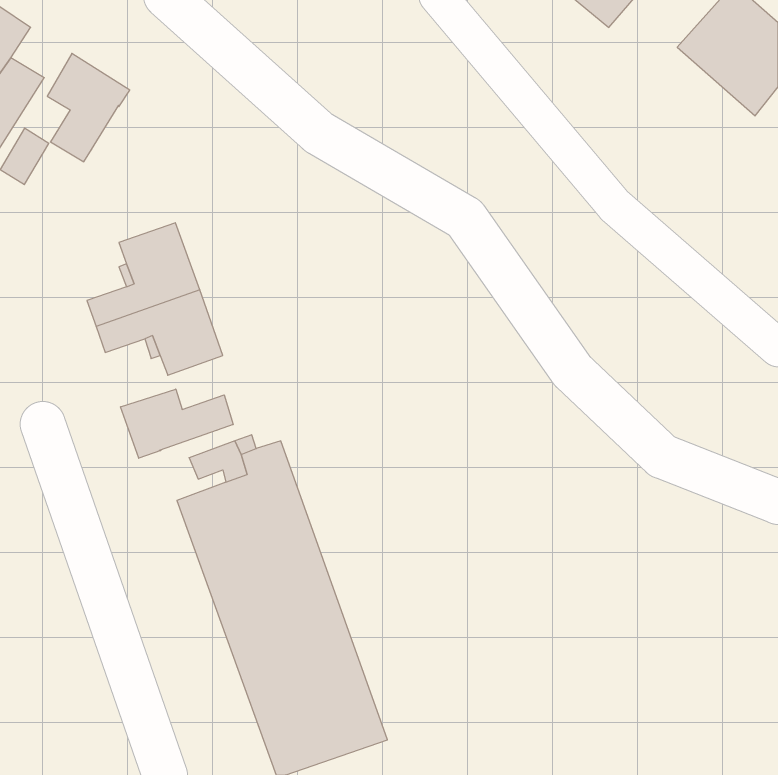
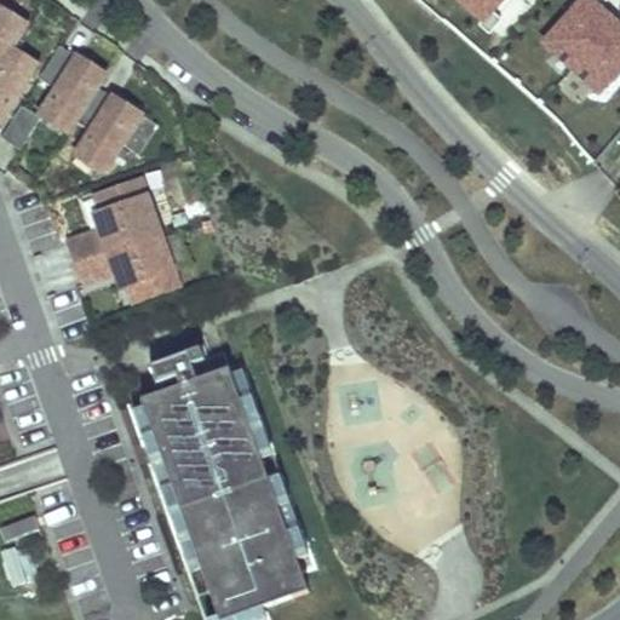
building: none -> [73,84,157,170]
building: [121,389,233,458] -> none

